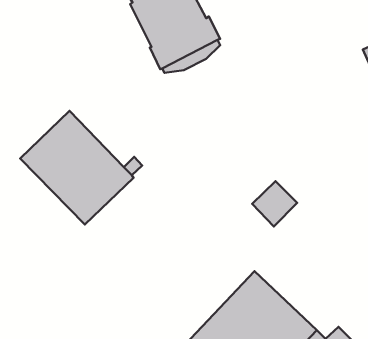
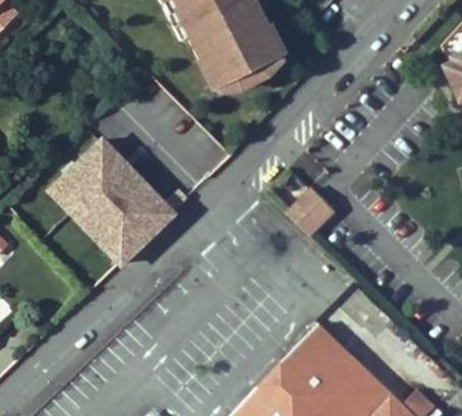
building: [252,181,297,226] -> [285,187,338,240]

